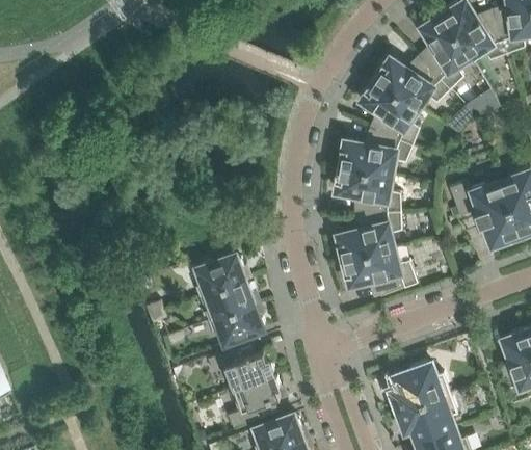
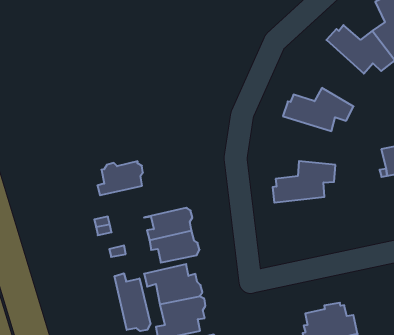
building: [362,77,420,145] -> none
building: [334,166,401,213] -> none
building: [340,248,418,297] -> none
building: [195,255,244,297] -> [97,161,143,195]
building: none -> [115,273,150,331]

